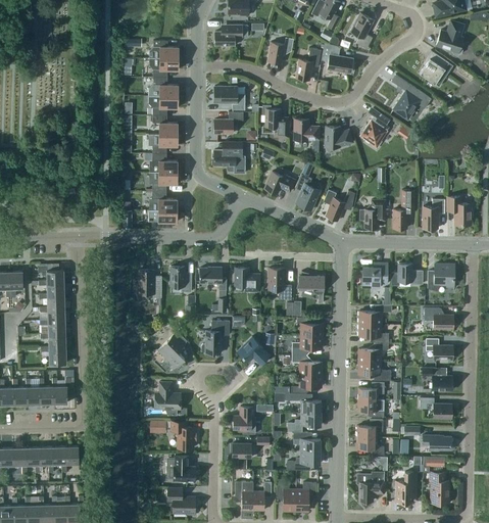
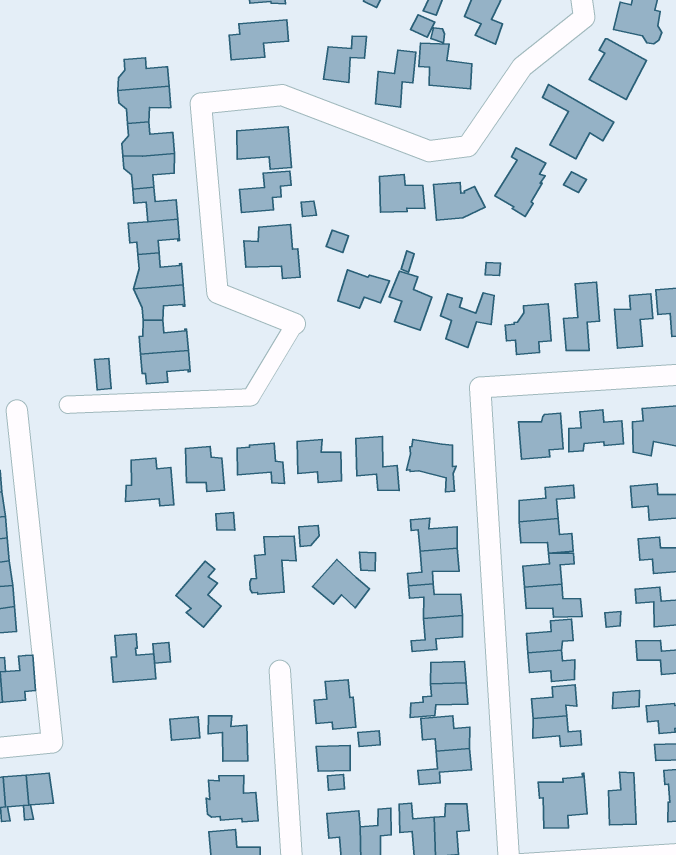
building: [261,105,288,137] -> none
building: [156,382,181,409] -> [111,634,156,682]

